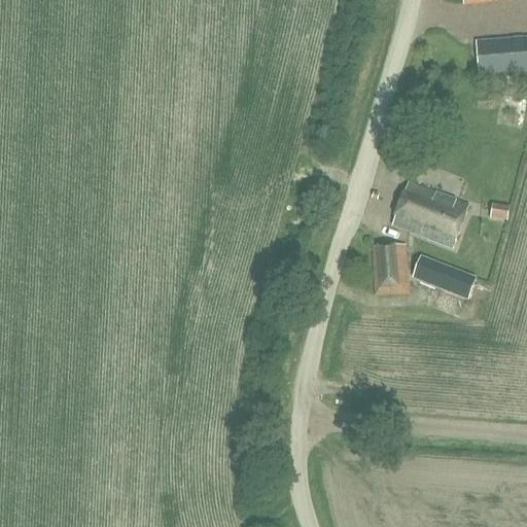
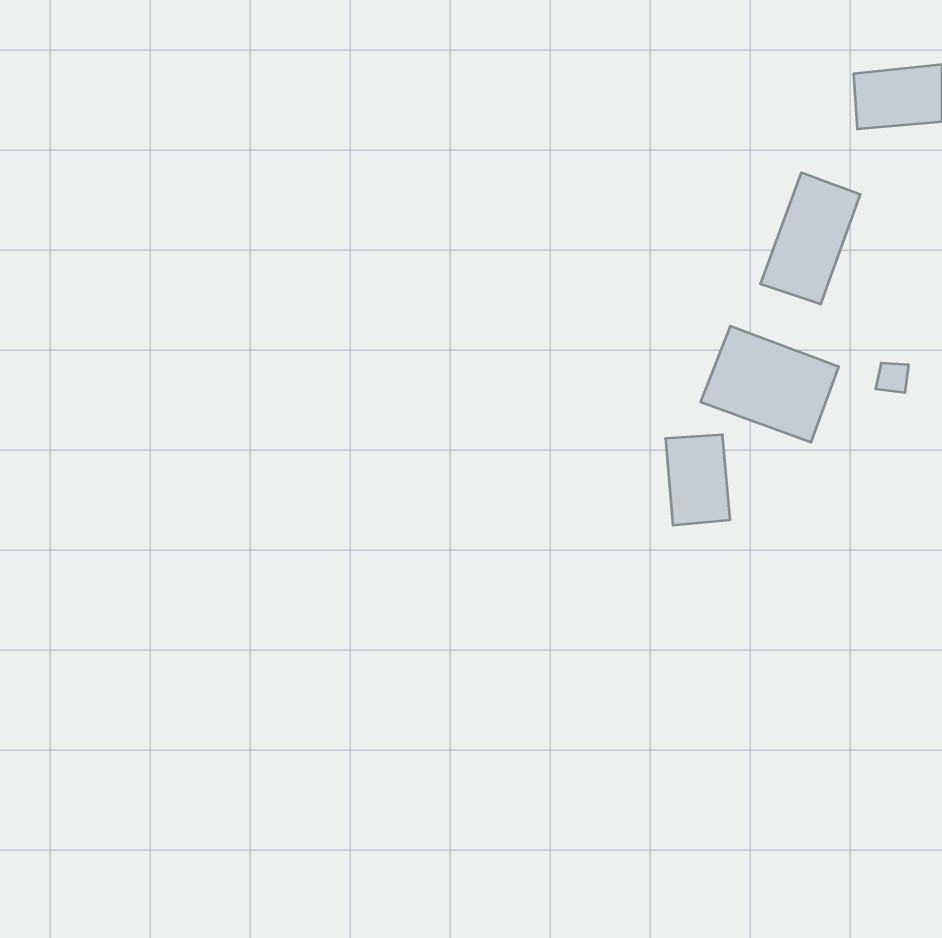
building: none -> [761,173,860,304]
building: [412,255,475,296] -> none

